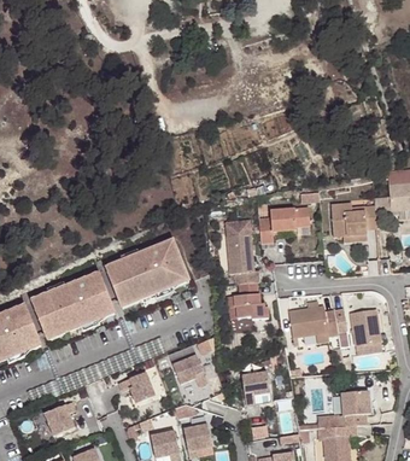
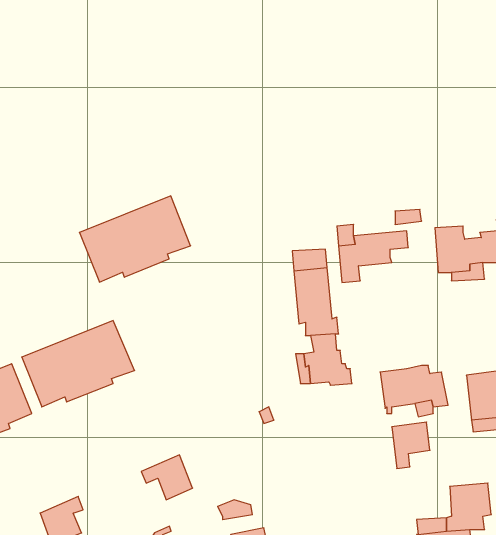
building: [105,240,186,303] -> [79,196,191,282]
building: [168,344,206,386] -> none
building: [241,372,269,405] -> [392,422,430,468]

